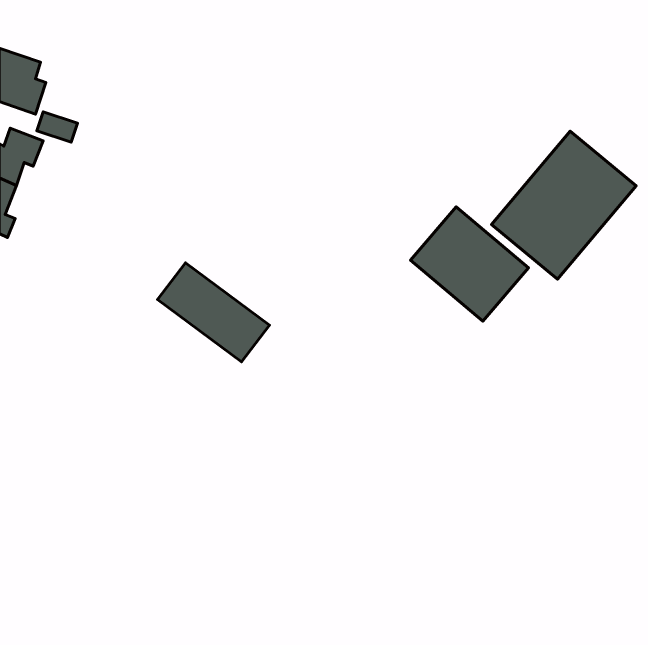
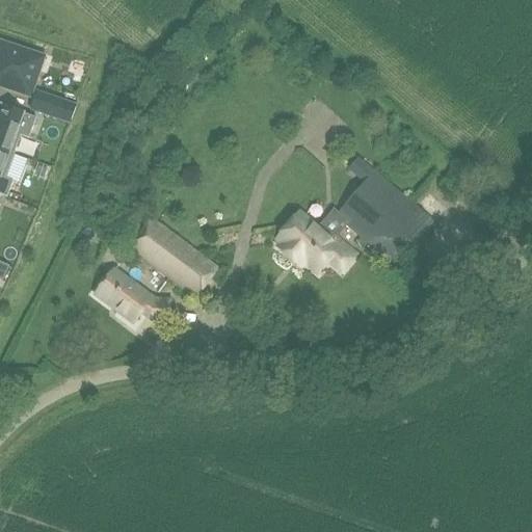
building: [491,131,636,279] -> none
building: none -> [277,210,355,269]
building: none -> [96,267,174,322]

